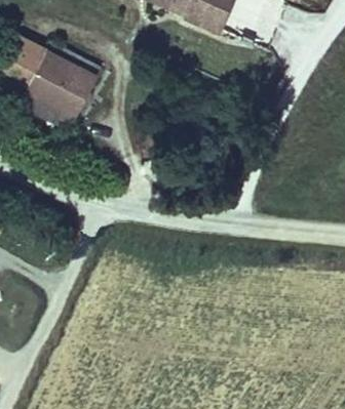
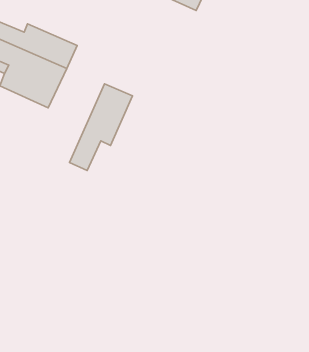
building: none -> [70,84,133,170]

